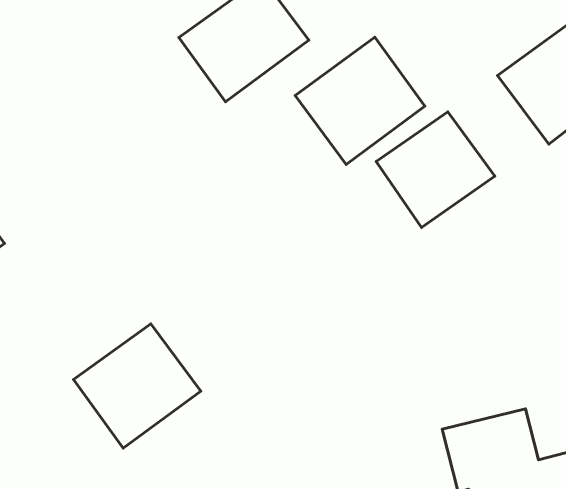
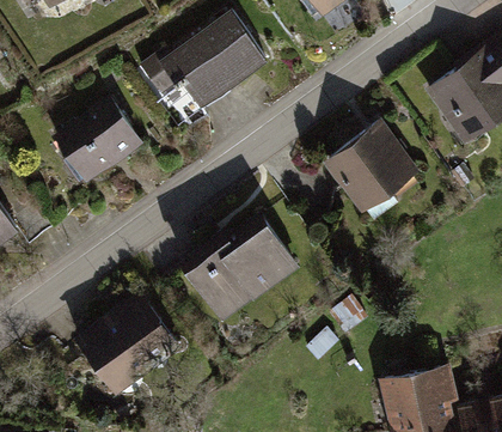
building: [295,37,425,165] -> none
building: none -> [55,97,145,183]
building: none -> [186,213,302,321]

